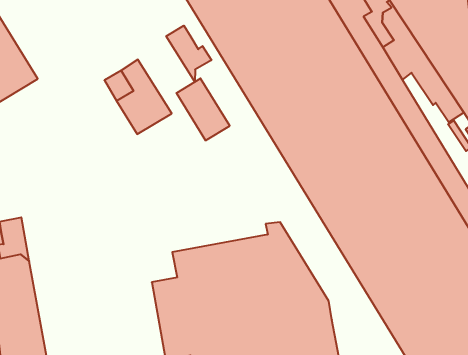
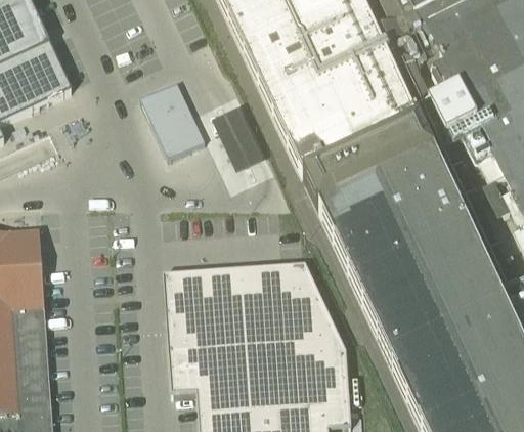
building: [166,26,211,82] -> none
building: none -> [162,263,290,310]

